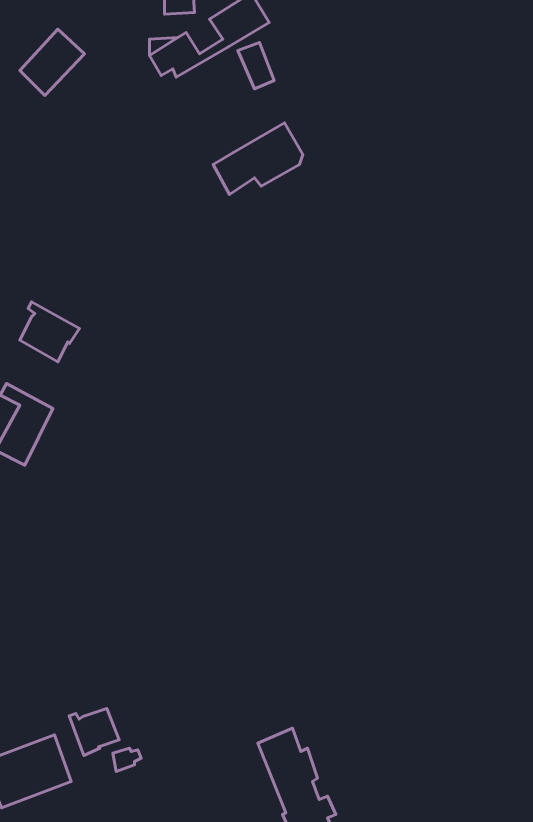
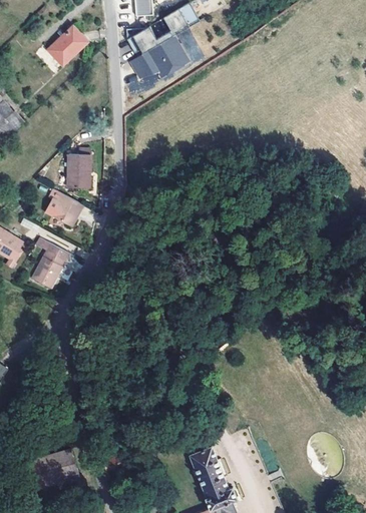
building: [213,123,303,194] -> [129,36,184,79]
building: none -> [68,153,91,187]
building: [69,708,119,755] -> none

